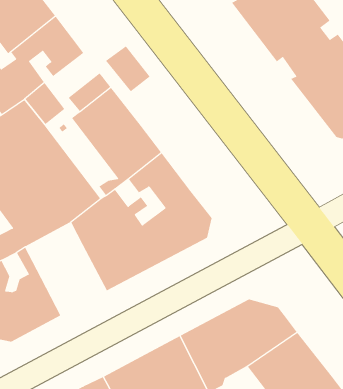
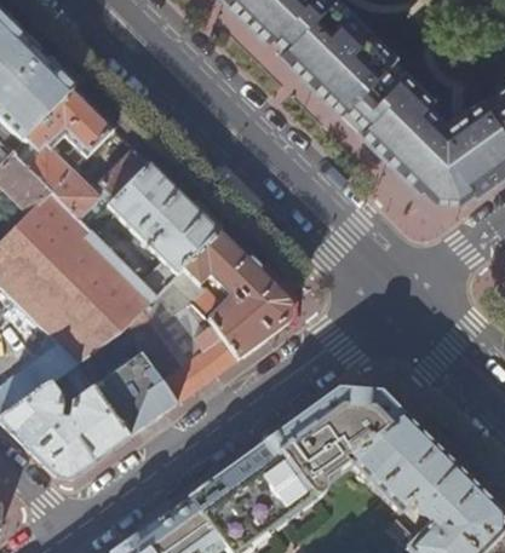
building: [105,46,151,92] -> none
building: none -> [93,351,177,436]

